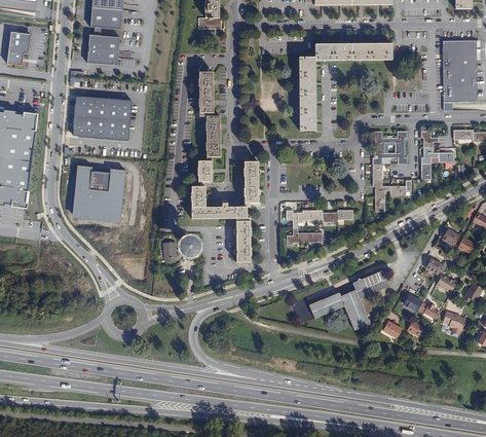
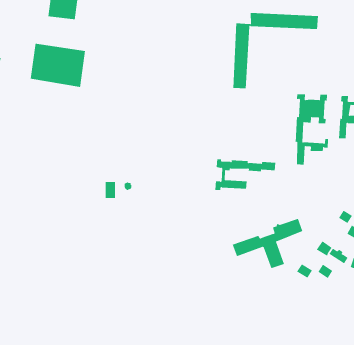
building: [197,71,220,181] -> none
building: [191,161,259,261] -> none
building: [73,163,129,223] -> none

